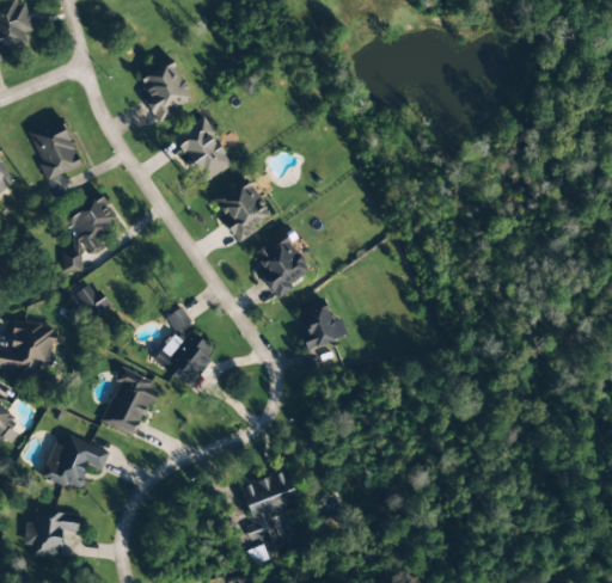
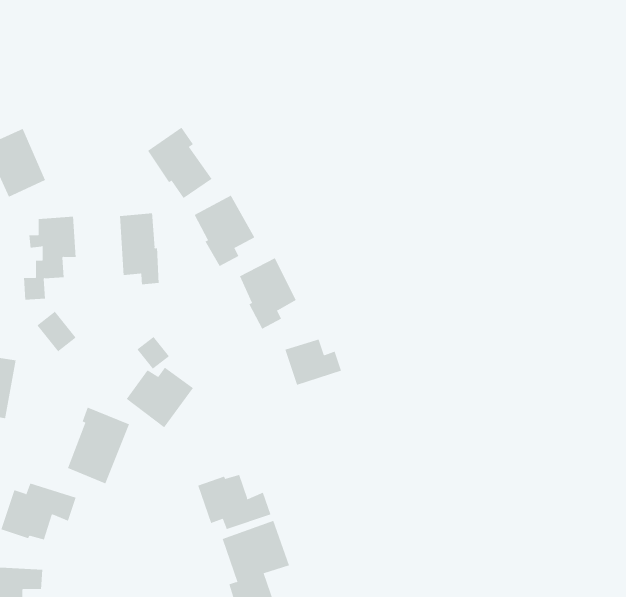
building: [137,59,192,122] -> none
building: none -> [119,213,159,285]
building: none -> [197,474,271,530]

